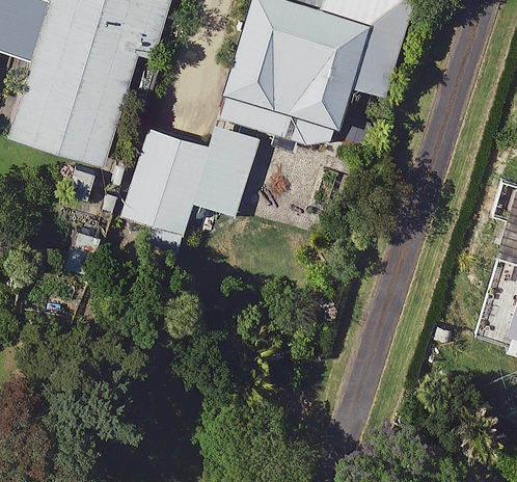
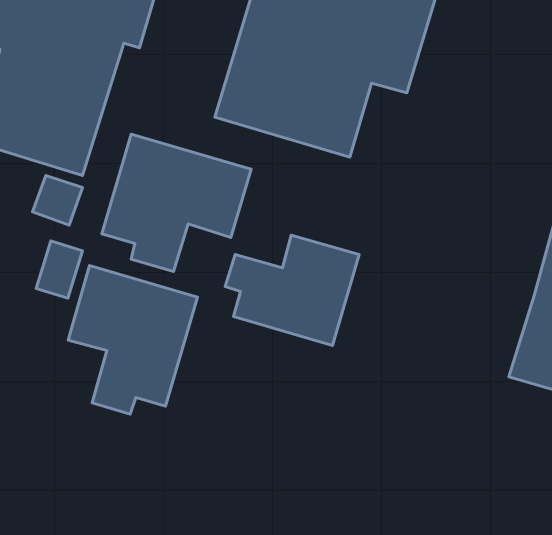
building: none -> [225,235,359,346]
building: none -> [68,265,197,414]

